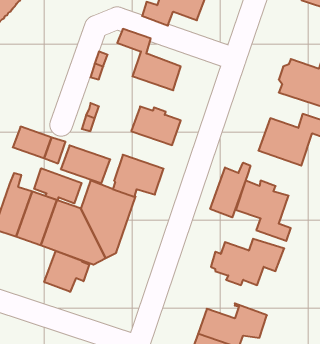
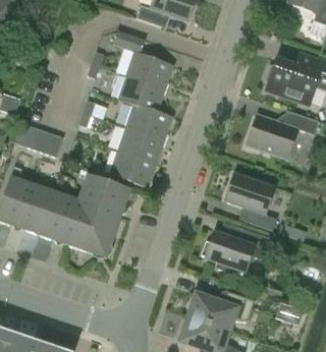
building: none -> [117,74,165,108]
building: [61,145,110,183] -> [117,126,164,162]
building: [210,163,250,217] -> none
building: [34,168,82,203] -> none
building: [44,251,89,292] -> none

